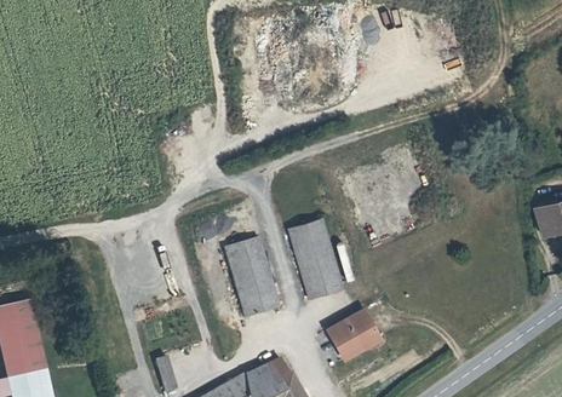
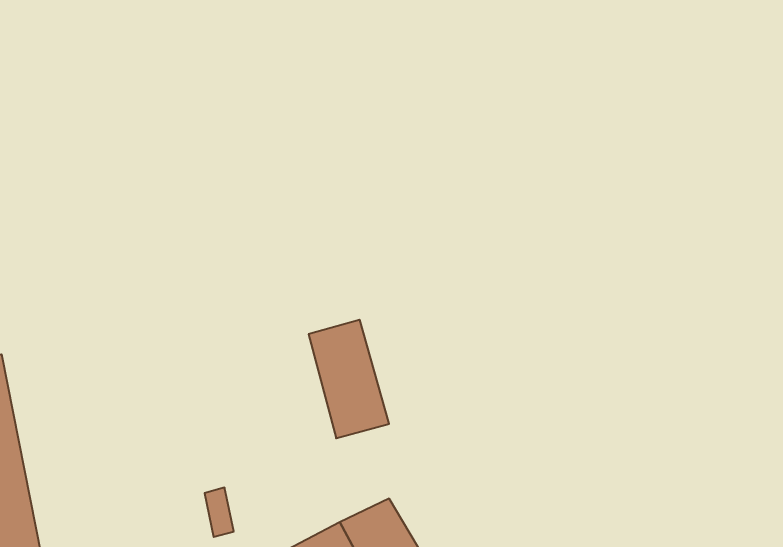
building: [292,221,343,298] -> none
building: [328,311,378,352] -> none

